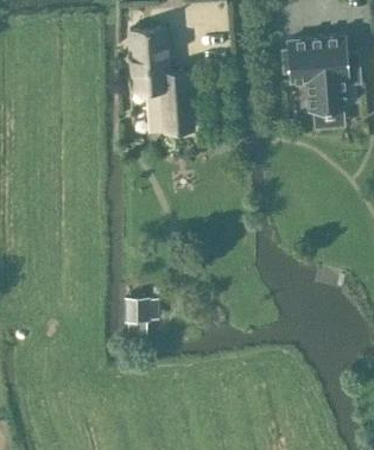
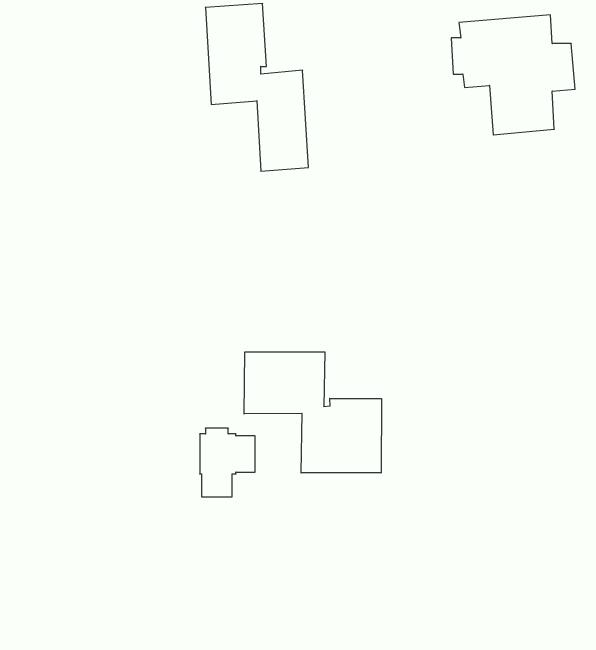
building: none -> [244,352,381,473]

